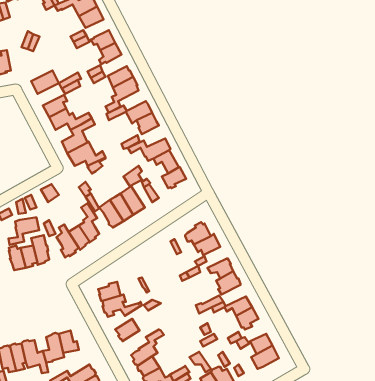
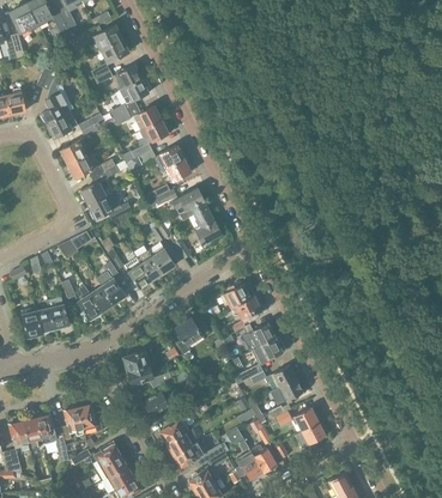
building: none -> [41,91,74,123]
building: [8,217,39,245] -> none
building: none -> [174,318,207,354]

